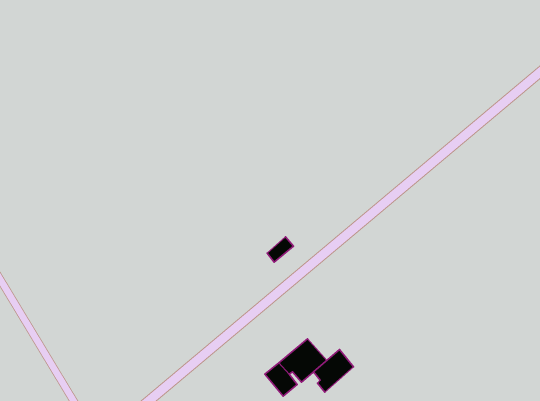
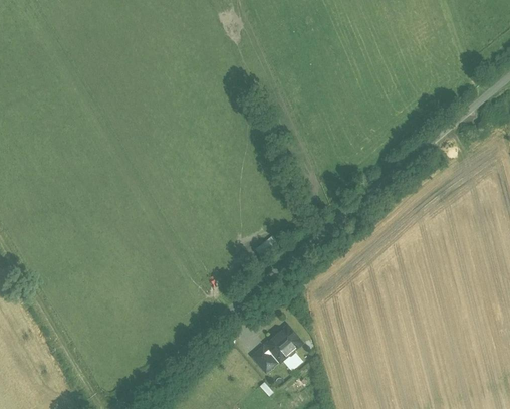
building: [314,350,354,392] -> none

